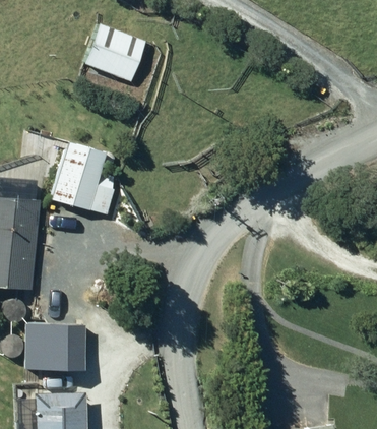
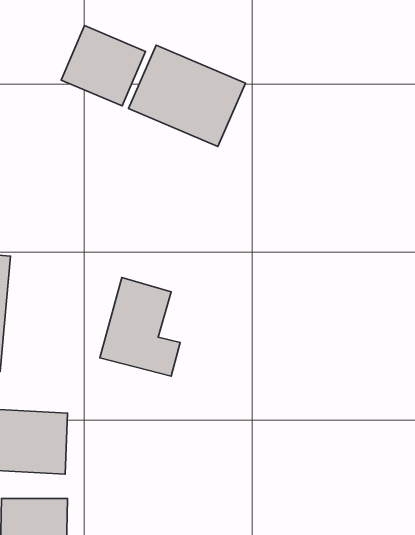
building: none -> [129,45,246,147]
building: [52,139,115,217] -> [100,278,180,376]

